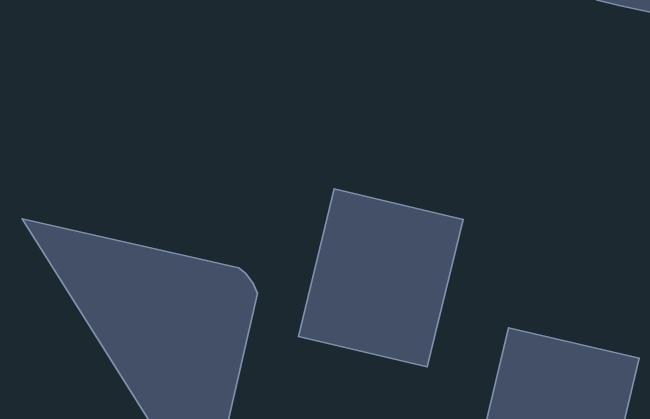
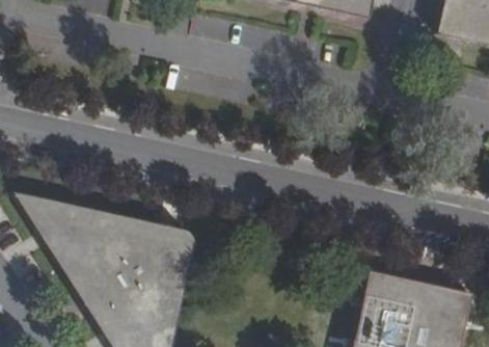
building: [299,189,463,367] -> none

